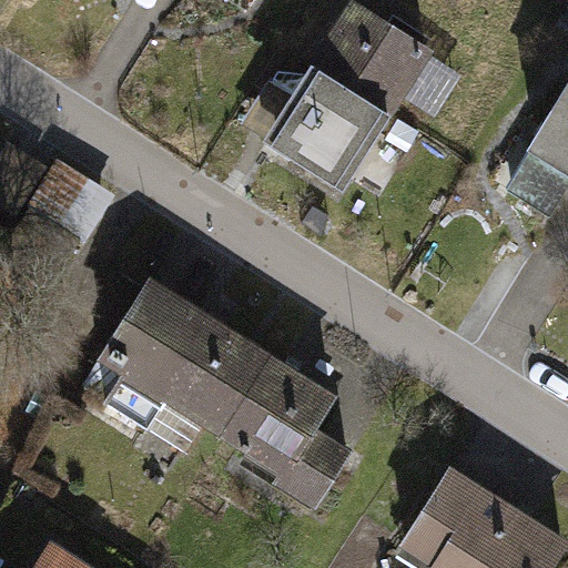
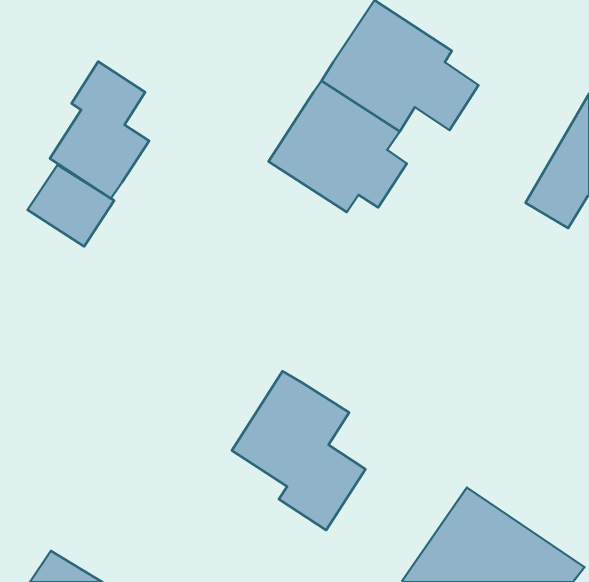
building: none -> [50,61,149,198]
building: [98,277,272,458] -> none

